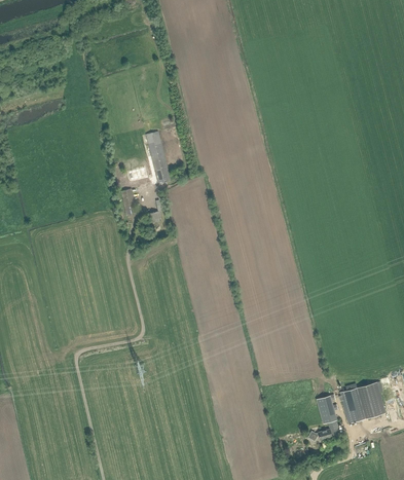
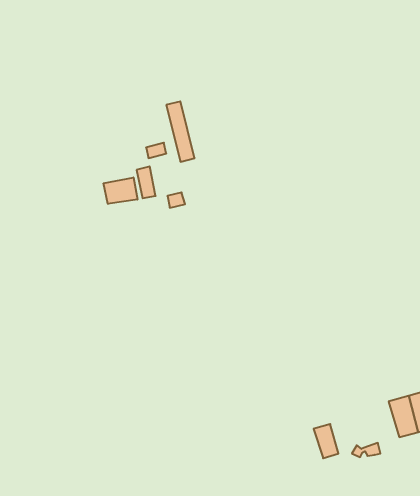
building: none -> [104,177,137,204]
building: [315,396,336,426] -> [314,424,338,458]

